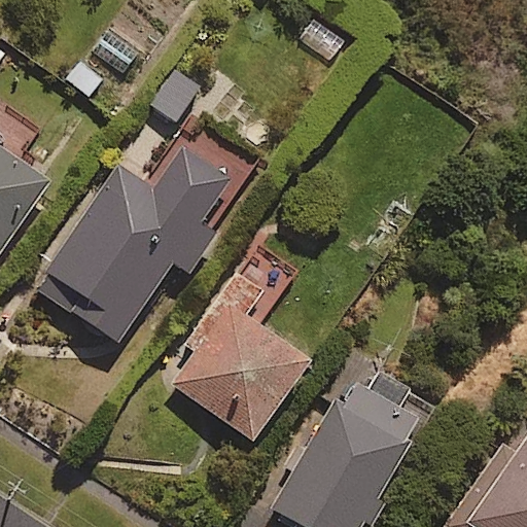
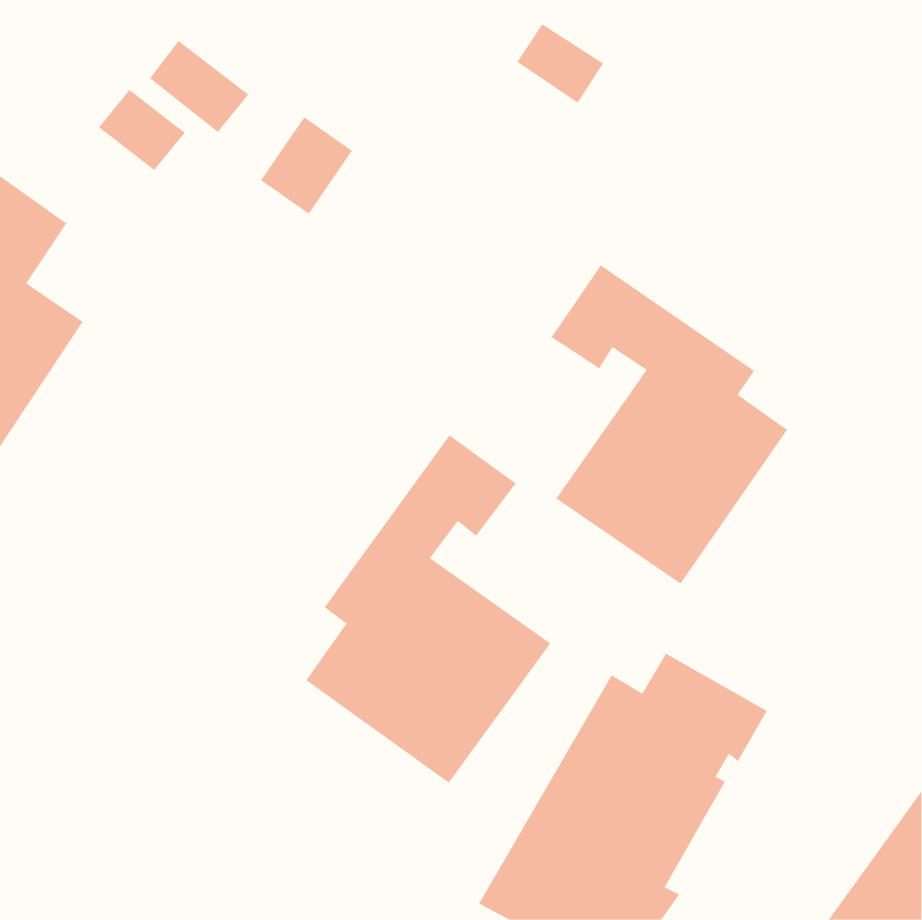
building: [35,145,248,345] -> none
building: none -> [551,264,788,585]

